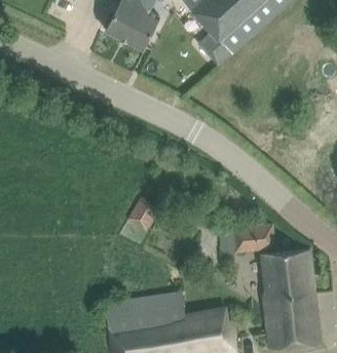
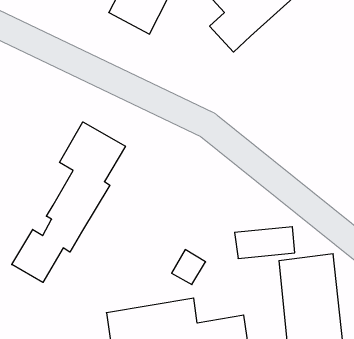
building: none -> [12,122,125,282]
building: [128,198,159,230] -> [172,250,206,285]

